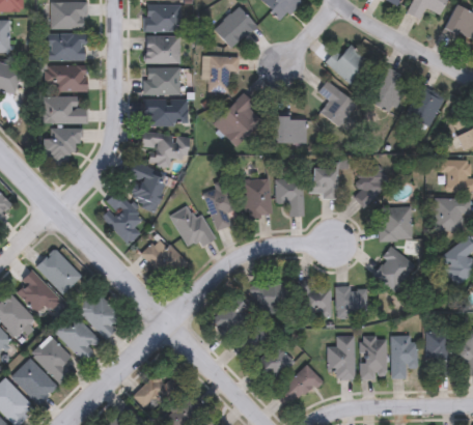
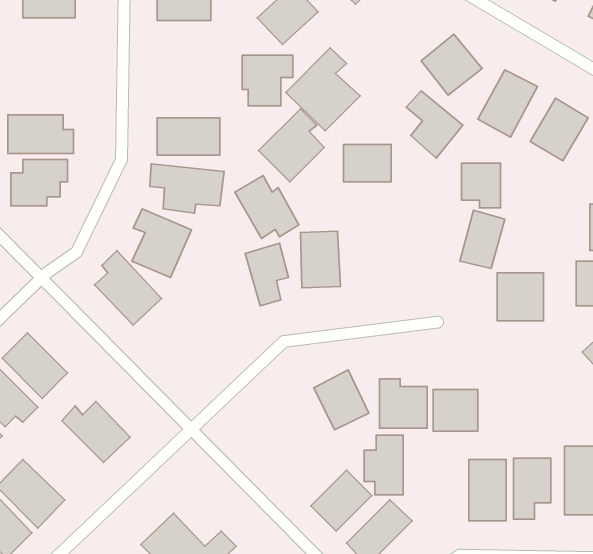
building: [46,33,87,59] -> none
building: [145,36,179,62] -> none
building: none -> [286,48,360,131]
building: [45,65,87,91] -> none
building: [144,67,180,93] -> none
building: [311,167,338,198] -> [462,163,500,208]
building: [276,177,304,216] -> none
building: [170,203,215,247] -> [235,176,299,238]
building: [141,236,187,283] -> none
building: [373,248,415,290] -> none
building: [211,294,254,338] -> none
building: [55,313,102,361] -> none
building: [329,336,356,377] -> [364,435,403,495]

